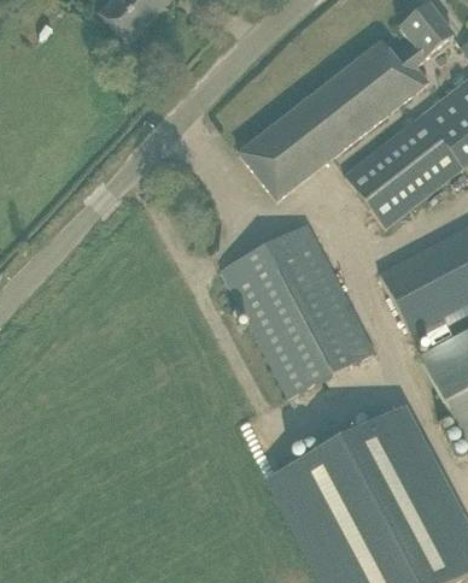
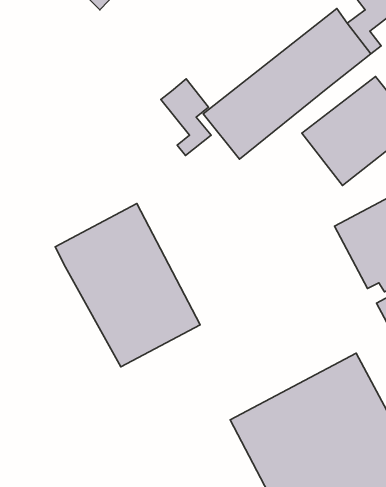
building: none -> [161,79,211,156]
building: [221,222,375,395] -> [55,204,200,367]

